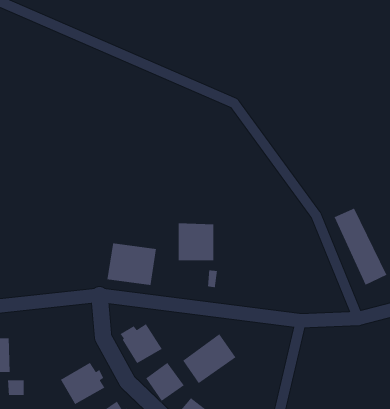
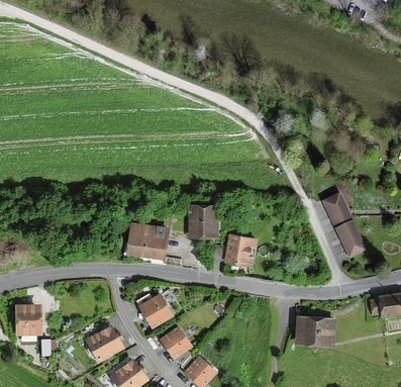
building: none -> [224,233,257,267]
building: [182,333,237,384] -> none
building: none -> [295,316,335,347]

